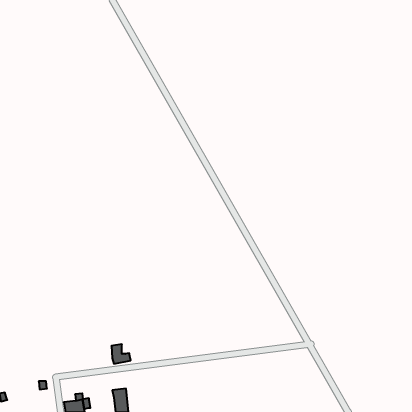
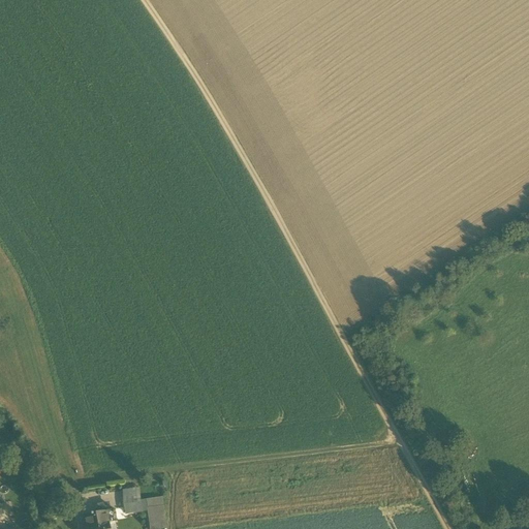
building: [111,344,131,364] -> [121,488,146,512]

